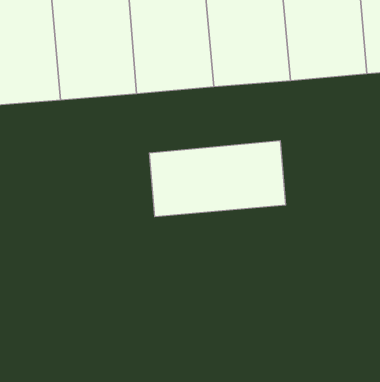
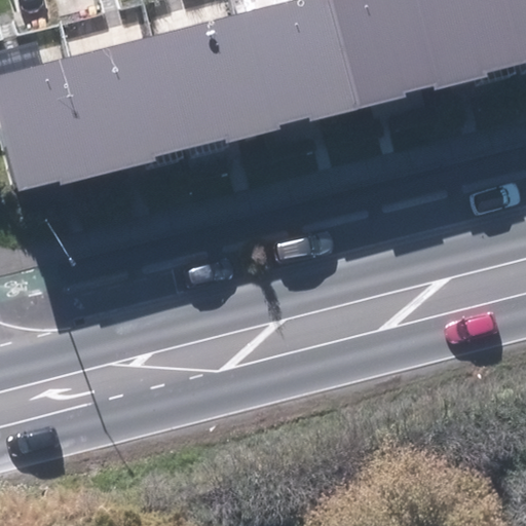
building: [149,141,286,217] -> none

